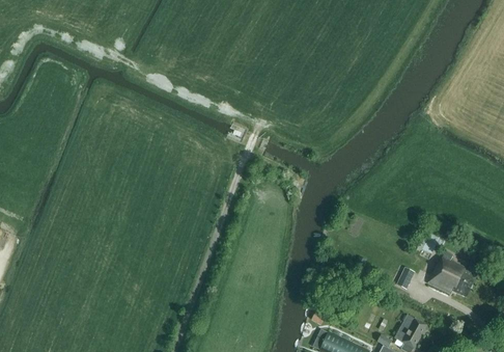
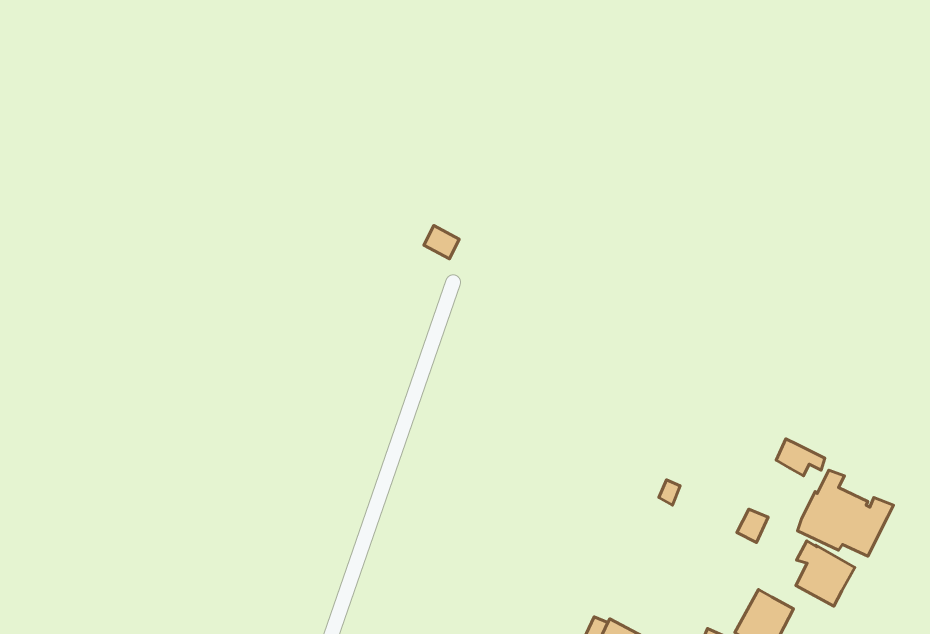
building: none -> [796,541,855,606]

